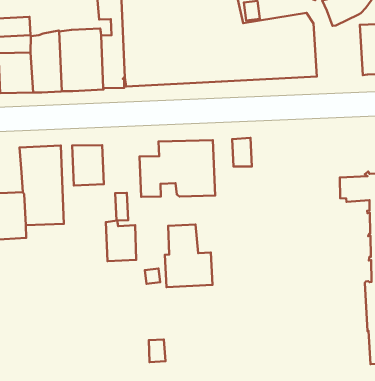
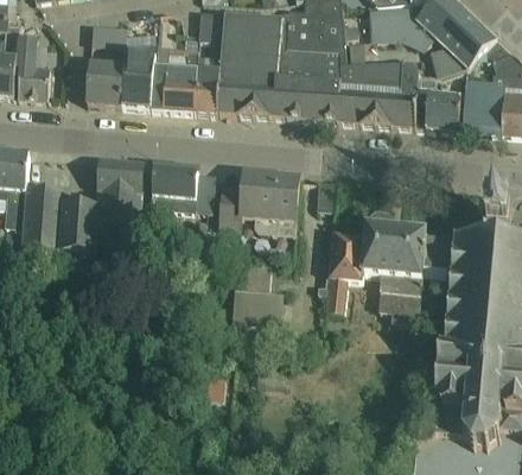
building: none -> [414,66,465,129]
building: none -> [317,210,425,319]
building: [106,221,136,261] -> [182,167,215,210]

